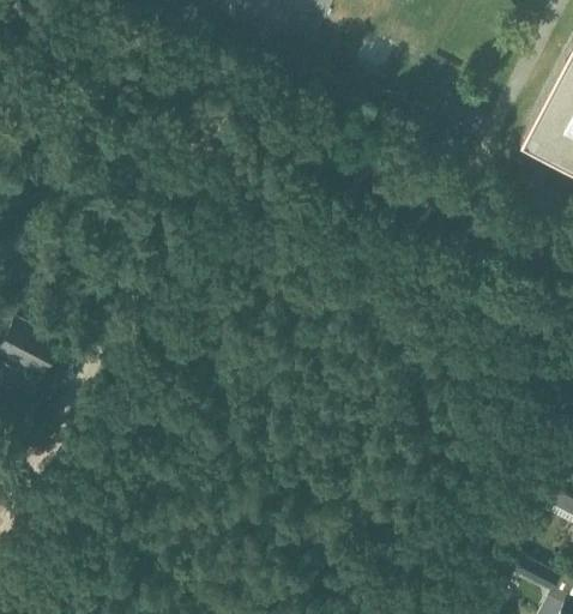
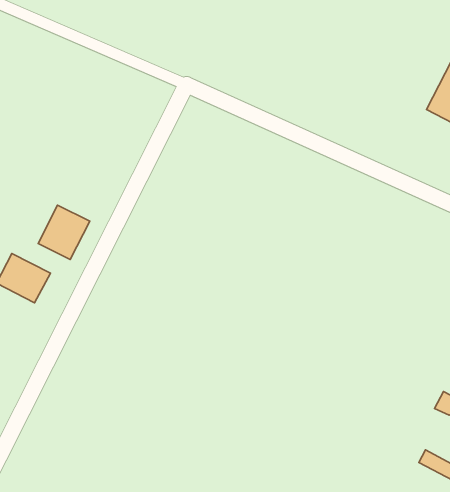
building: none -> [38,205,90,259]

